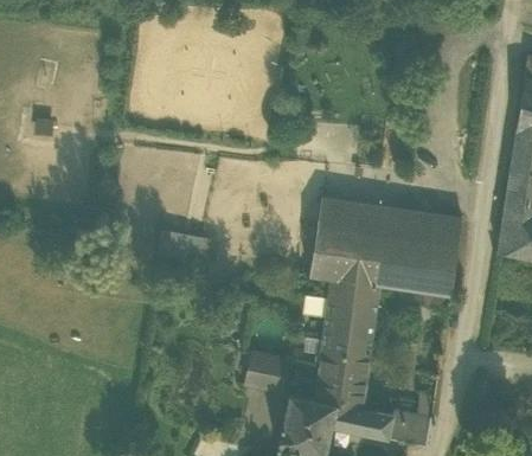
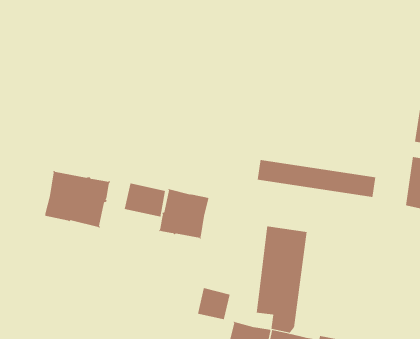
building: none -> [44,170,111,229]
building: [309,220,460,294] -> none
building: none -> [159,188,209,240]

